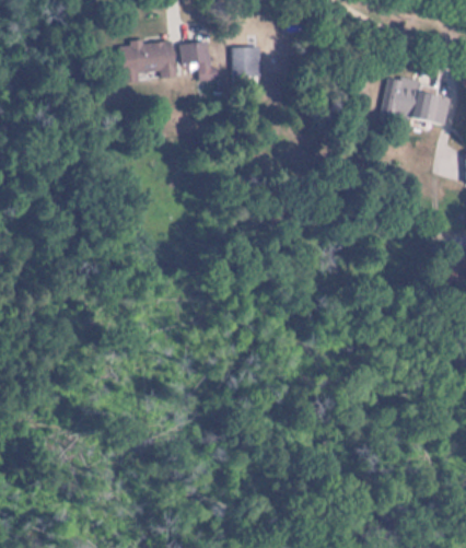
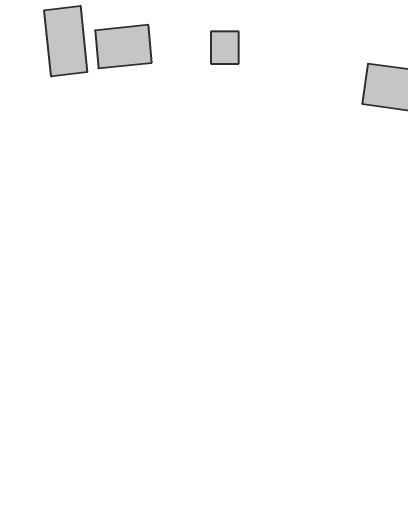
building: none -> [44,6,87,77]
building: [180,40,214,83] -> none

